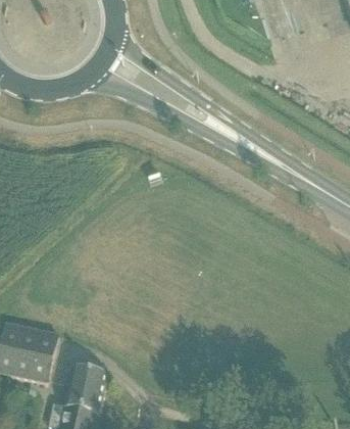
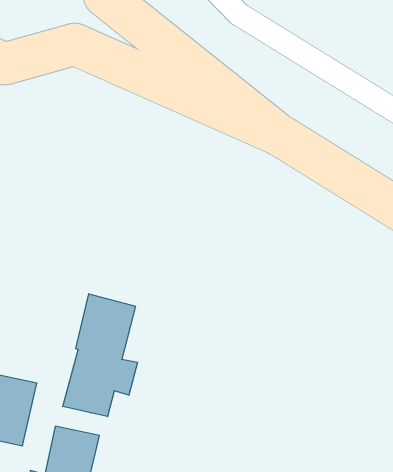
building: none -> [63,294,137,417]

